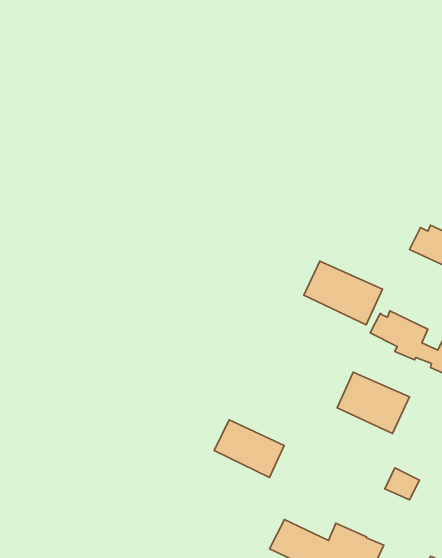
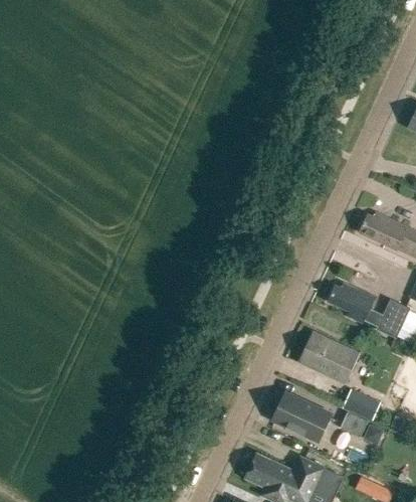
building: [304,261,382,325] -> none
building: [214,420,284,477] -> [273,393,331,441]
building: none -> [343,386,382,421]

